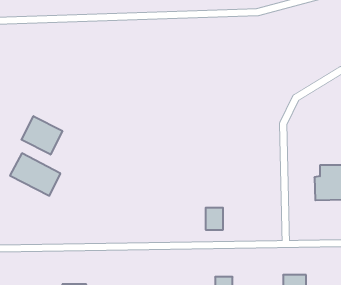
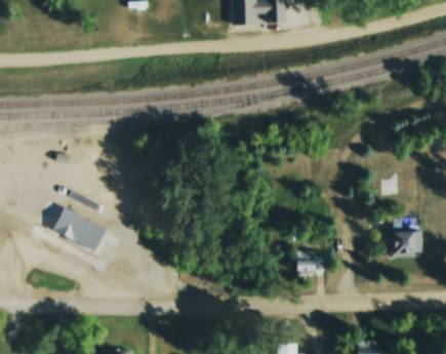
building: [21,116,62,155] -> none
building: [206,208,223,230] -> [298,251,318,276]

